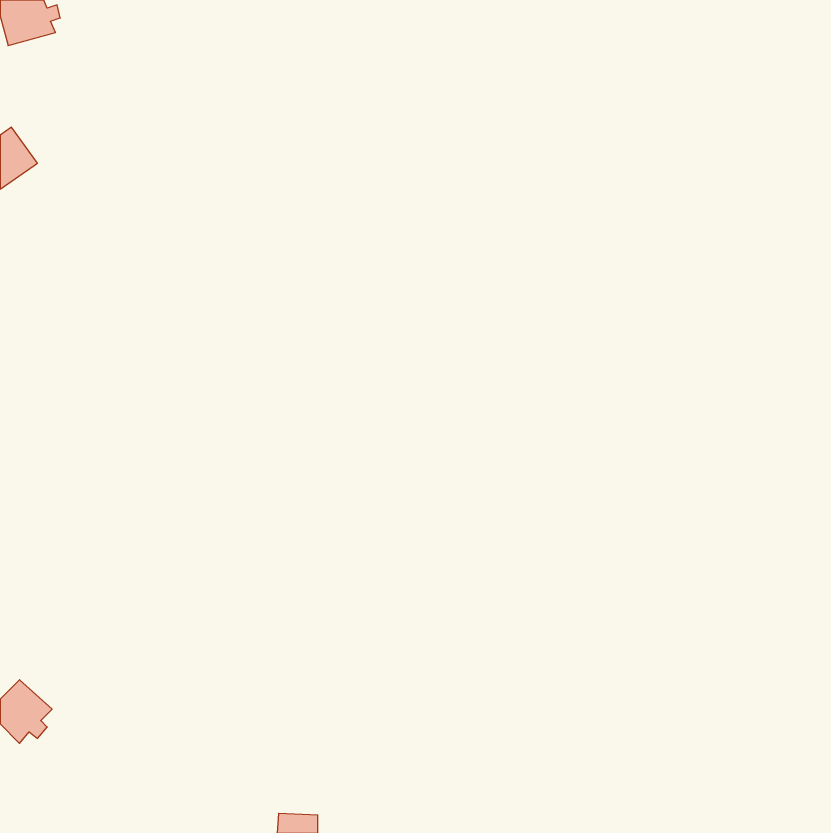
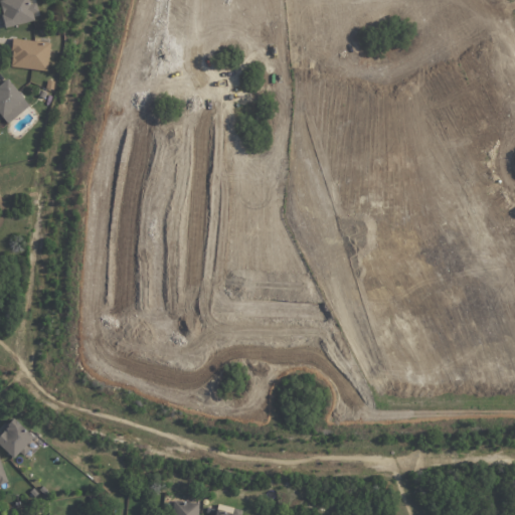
building: none -> [10,39,50,71]

